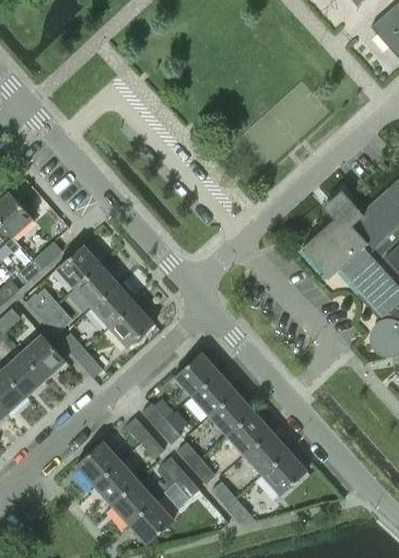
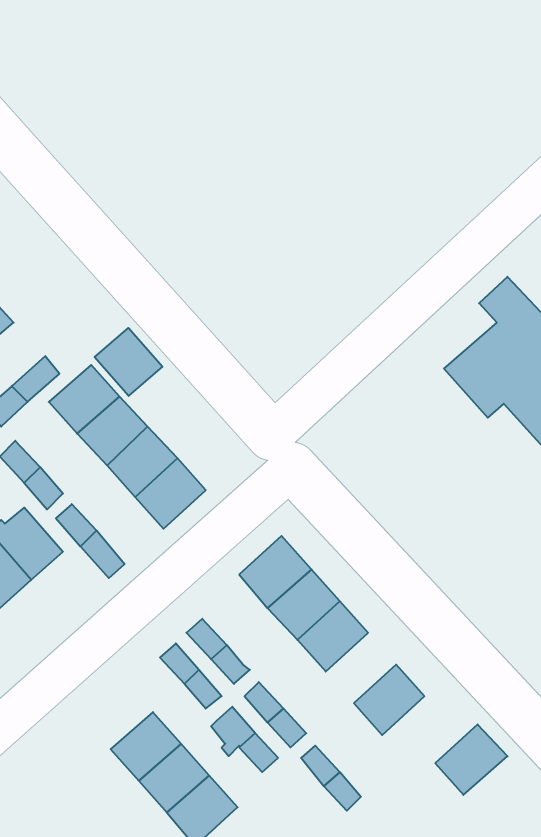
building: none -> [95,328,162,396]
building: [227,411,271,455] -> none
building: [75,440,120,484] -> none
building: [262,451,307,495] -> [435,724,508,795]

